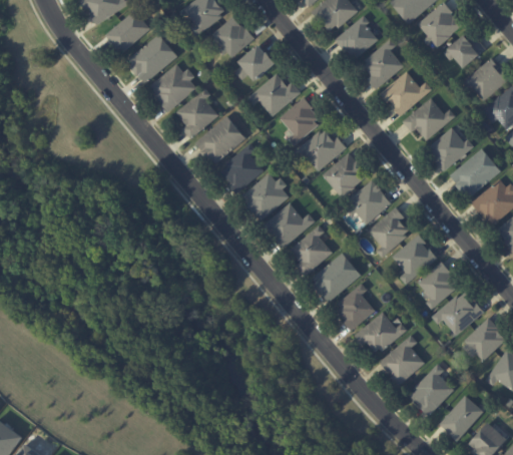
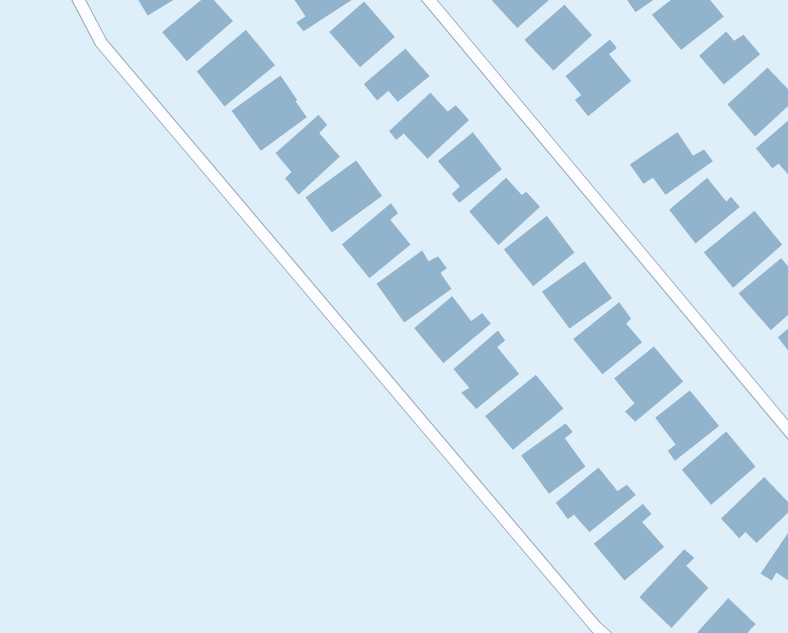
building: [380,71,432,116] -> none

